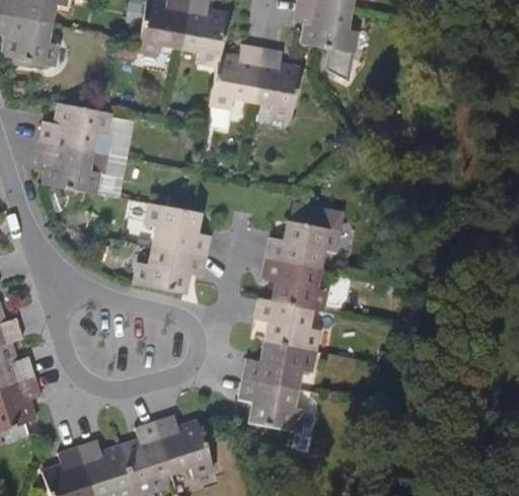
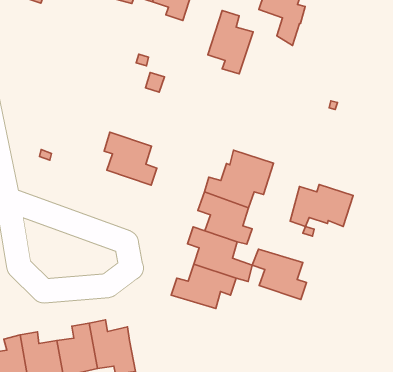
building: [210,43,262,105] -> none
building: [34,103,134,198] -> none
building: none -> [290,185,353,226]
building: [135,245,205,293] -> none
building: [238,379,303,431] -> [252,249,307,300]

